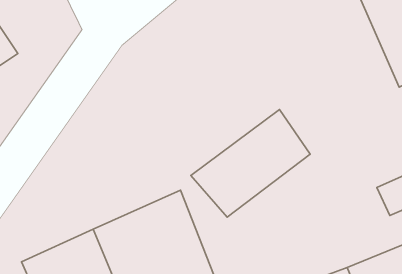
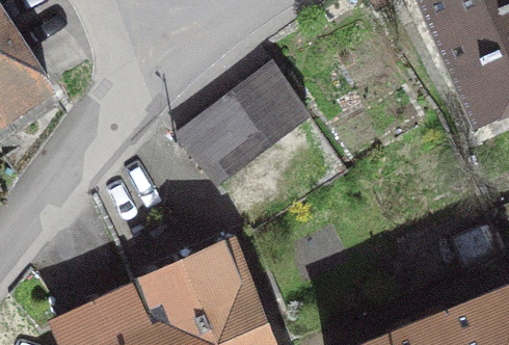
building: [191,109,310,217] -> [177,65,310,186]

